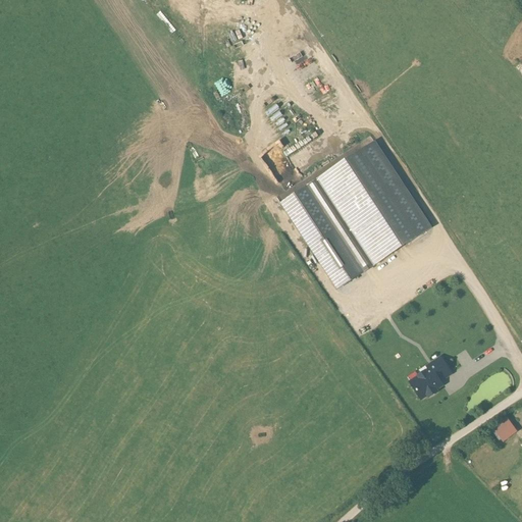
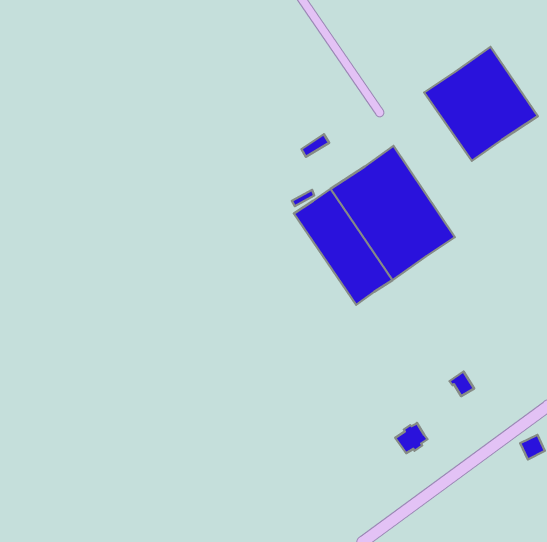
building: none -> [424,47,538,161]
building: [412,365,442,394] -> [395,423,427,453]

